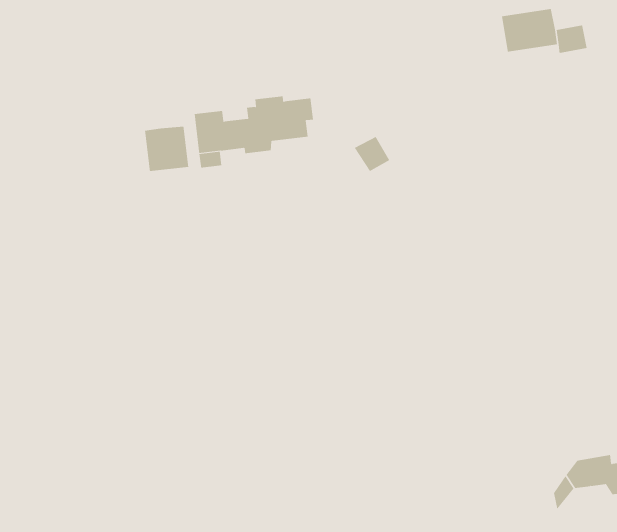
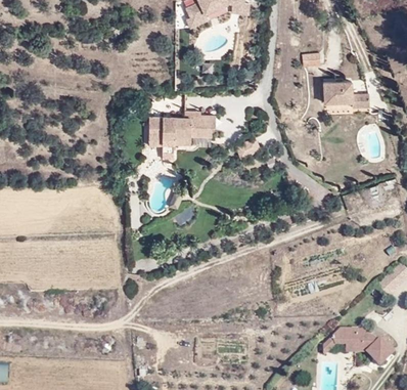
building: [145,126,189,172] -> none

